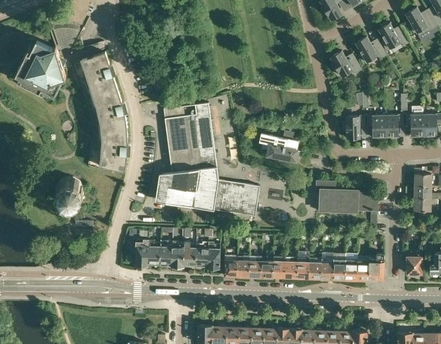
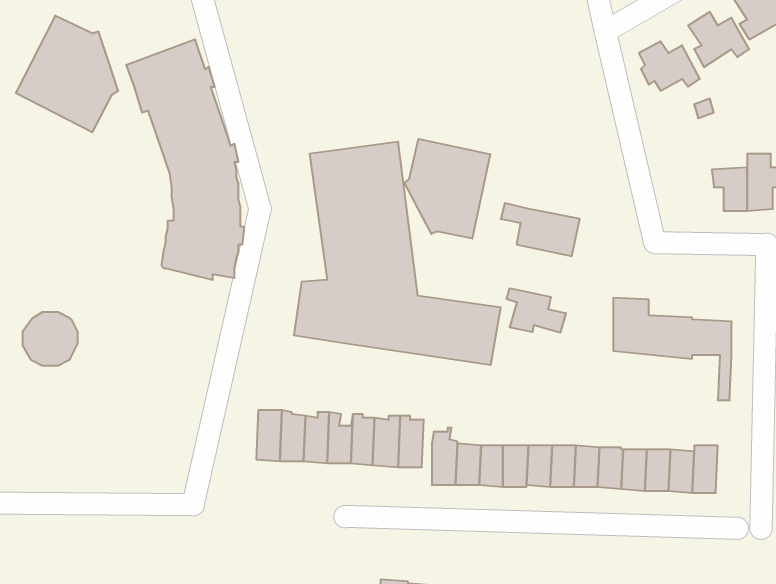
building: none -> [404,139,490,239]
building: [343,116,365,138] -> none
building: none -> [506,288,566,333]
building: [56,177,84,204] -> [23,312,78,365]
building: [369,253,384,280] -> none

